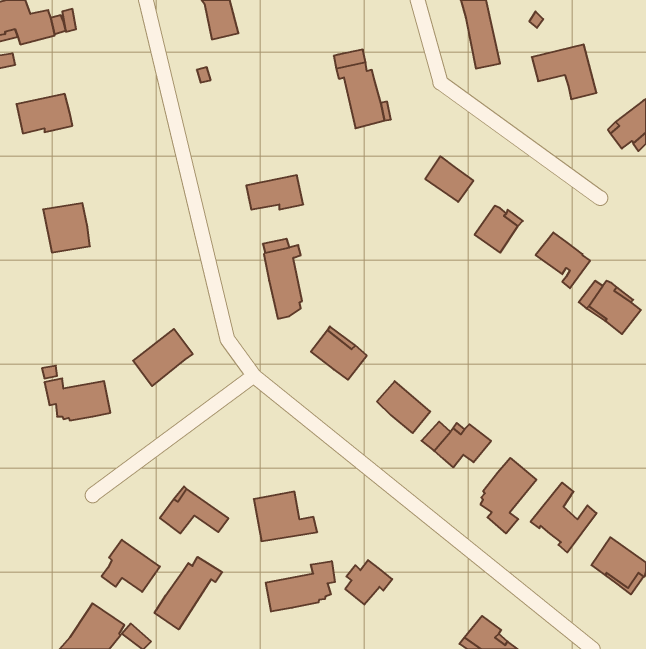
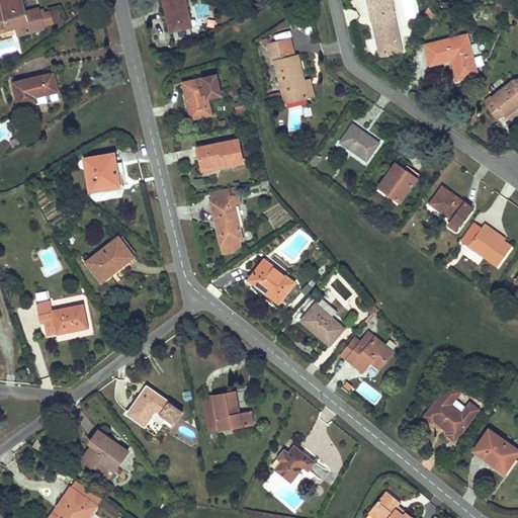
building: none -> [182,76,217,120]
building: [43,203,90,253] -> [82,153,119,192]
building: [133,329,193,386] -> [86,237,134,282]
building: [481,458,536,533] -> none
building: [155,557,222,629] -> none
building: [266,561,335,612] -> none

